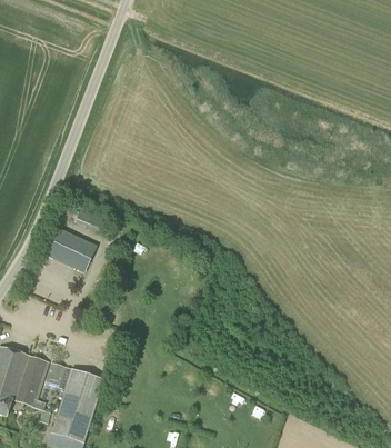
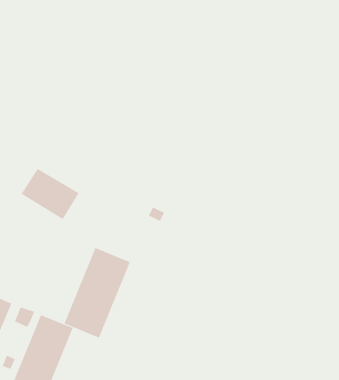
building: none -> [64,247,131,338]

